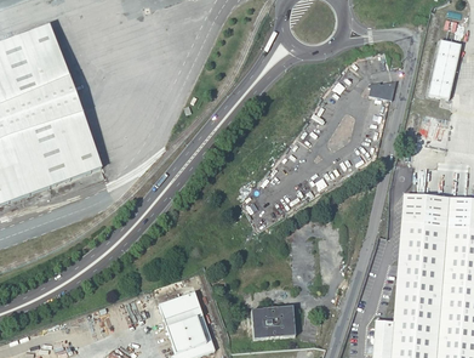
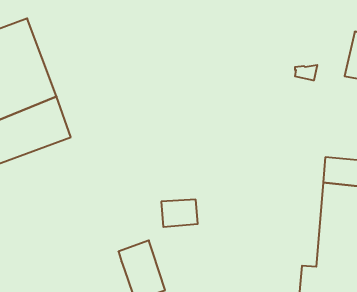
building: [250,306,293,339] -> [161,200,198,227]

